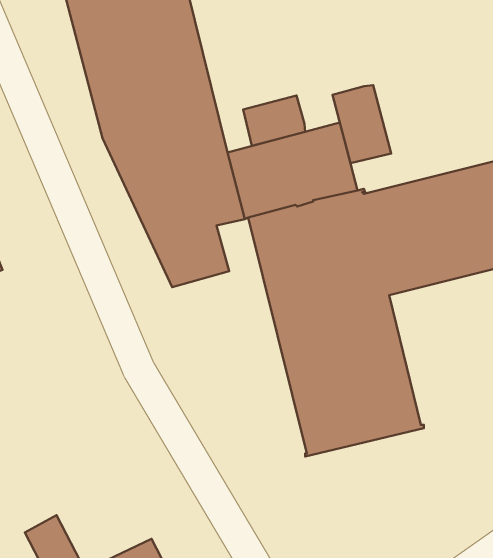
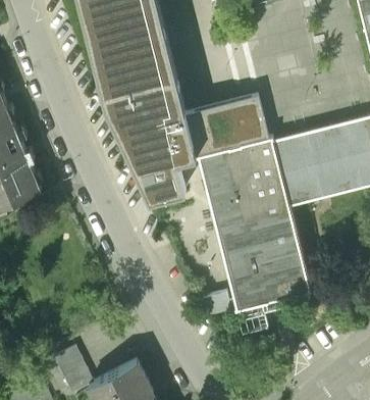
building: [333,85,391,163] -> none
building: [243,96,305,146] -> none

